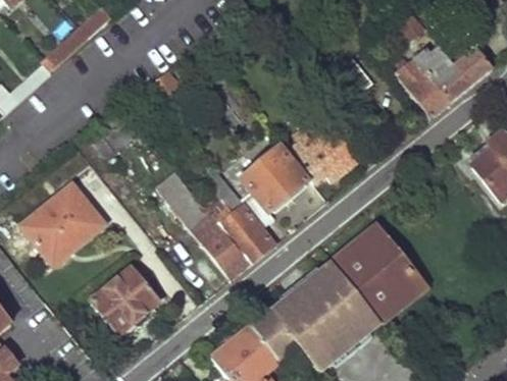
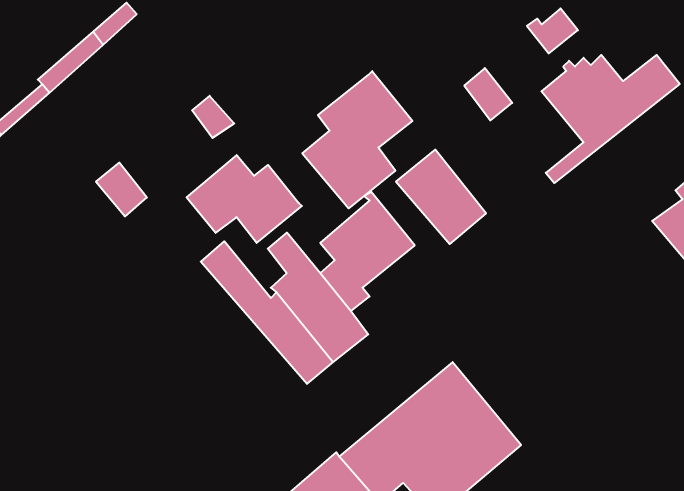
building: none -> [302,71,412,208]
building: none -> [187,155,302,243]
building: [20,185,101,259] -> none
building: [333,225,424,319] -> none
building: [91,269,156,331] -> none

